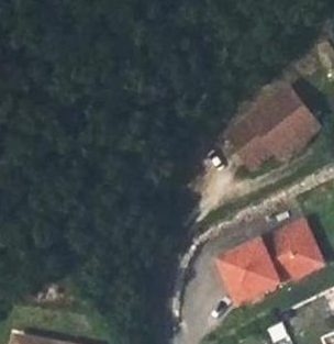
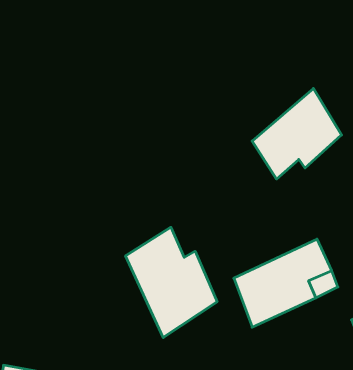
building: none -> [126,227,217,338]

